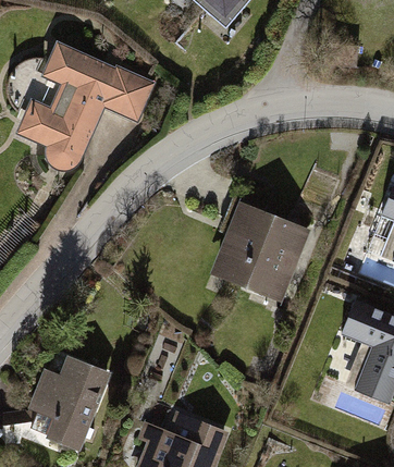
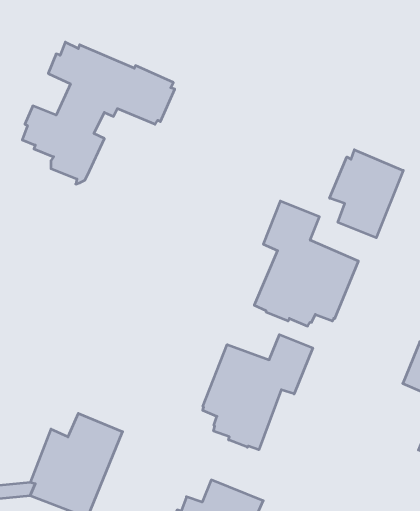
building: none -> [330,150,403,238]
building: none -> [203,335,313,450]

